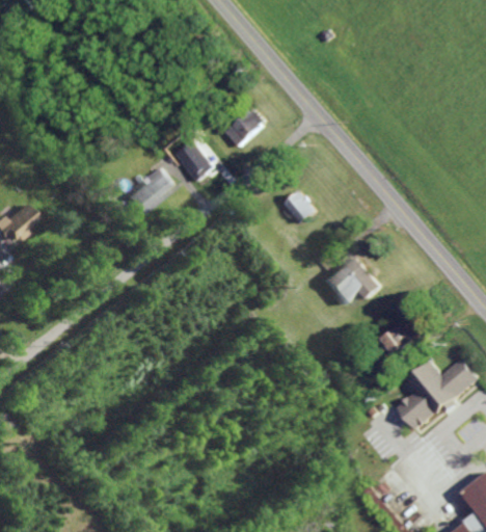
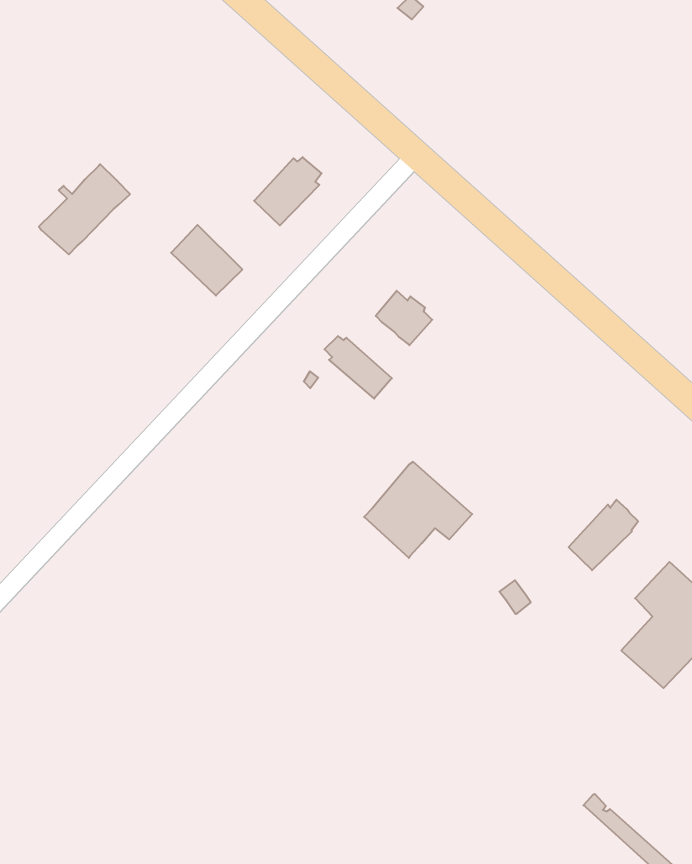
building: [122,166,174,214] -> [39,164,130,254]
building: none -> [324,336,392,399]
building: [321,252,381,305] -> [364,462,472,558]

